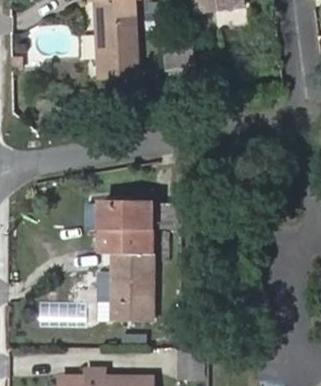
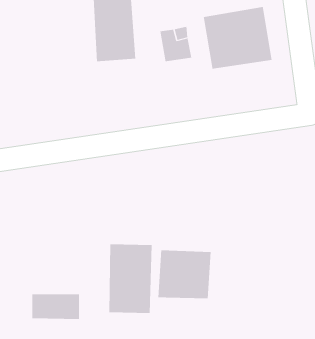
building: none -> [203,6,272,70]
building: [104,206,157,254] -> [157,250,212,299]

